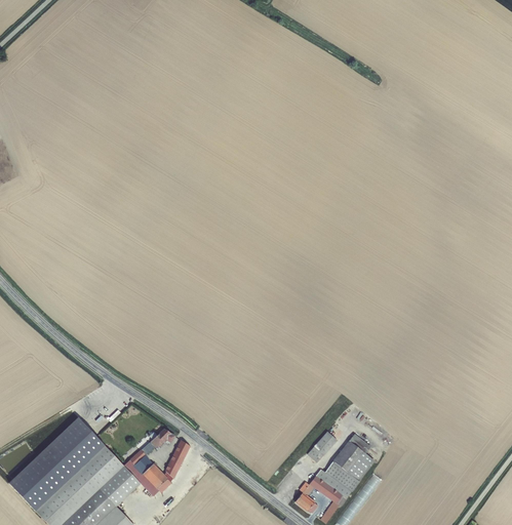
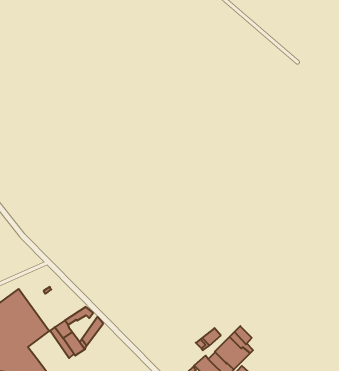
building: [99,466,139,506] -> none

